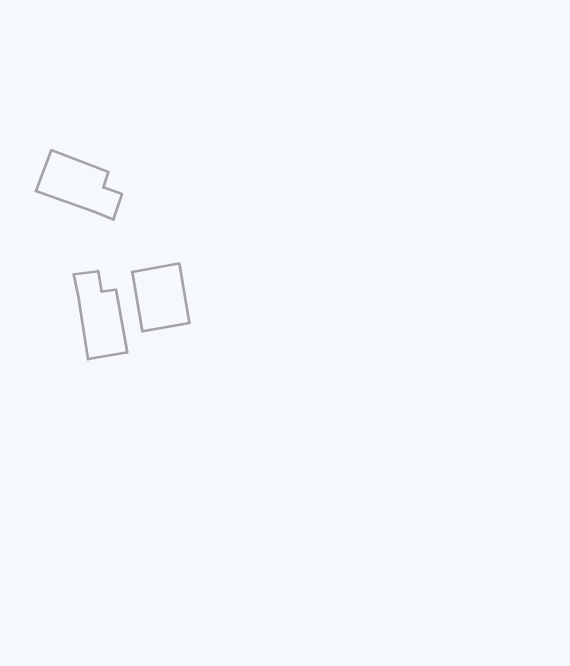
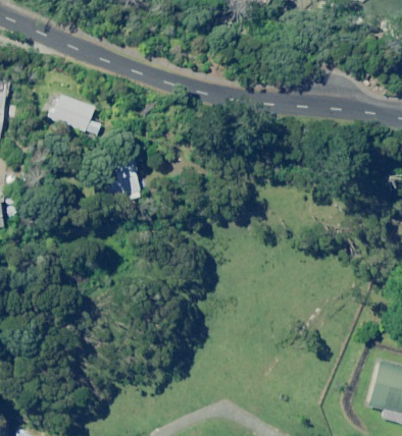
building: [74,271,127,359] -> none

